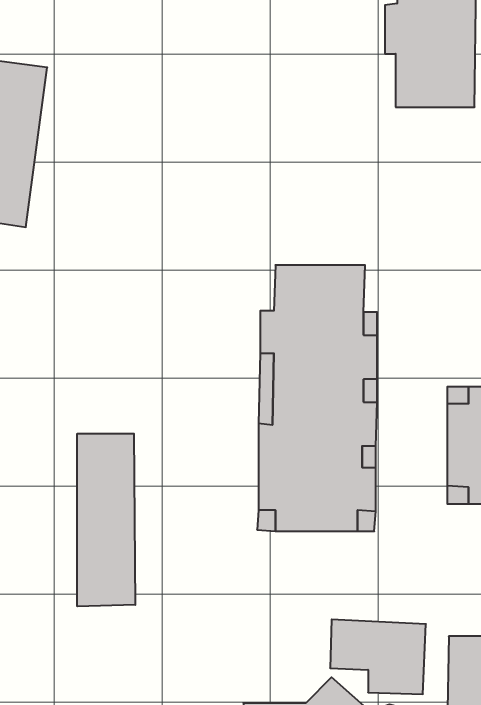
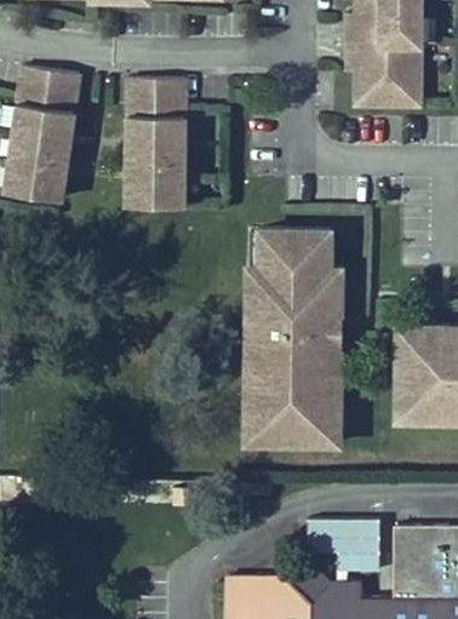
building: none -> [127,79,184,206]
building: [77,434,135,606] -> none

